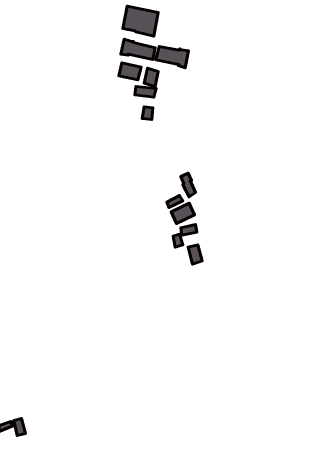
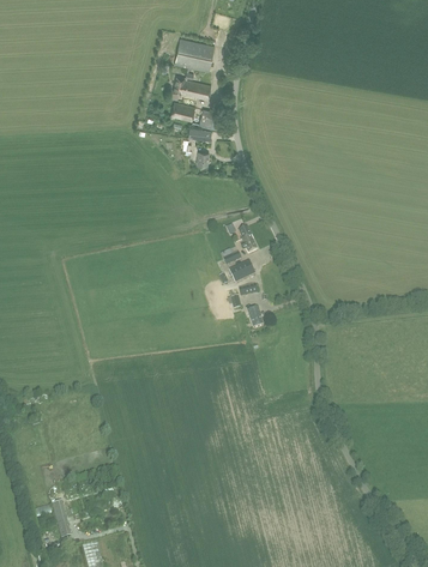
building: [156,47,189,68] -> none

